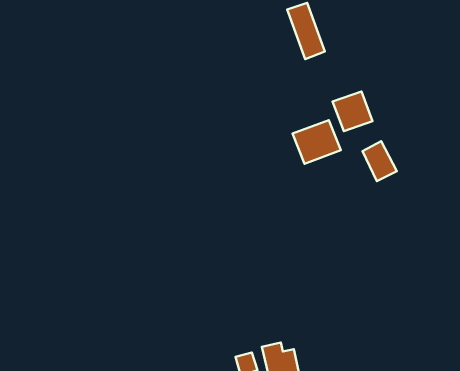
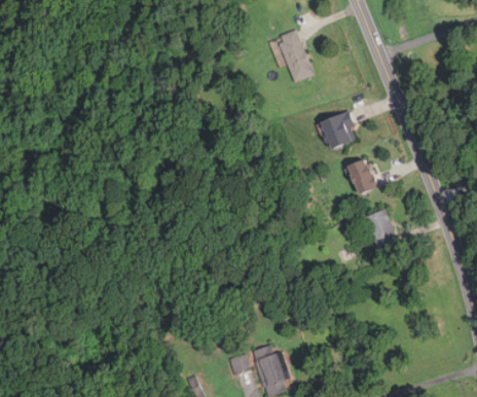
building: [292,120,341,164] -> none
building: none -> [366,209,396,249]

